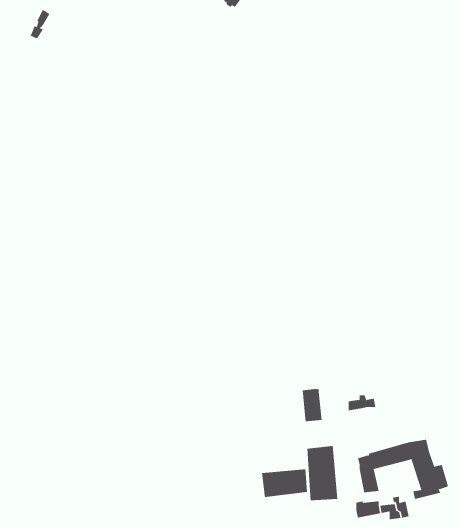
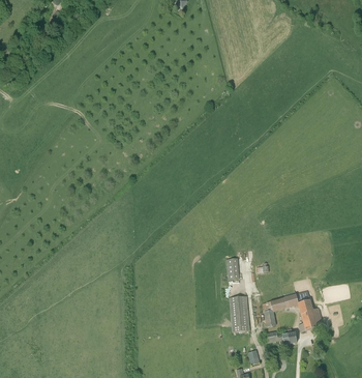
building: [262,469,307,498] -> none

